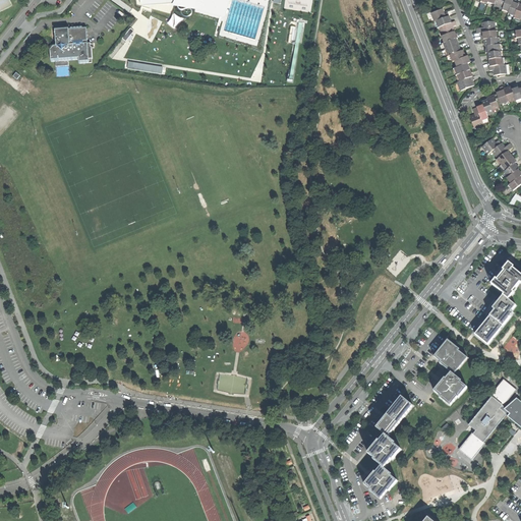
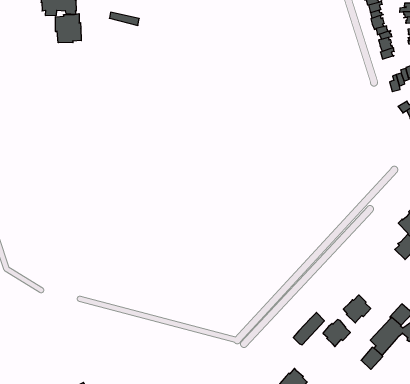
building: none -> [55,14,81,43]
building: [475,313,503,343] -> none
building: [433,339,467,371] -> none
building: [368,433,401,466] -> [323,320,350,347]

